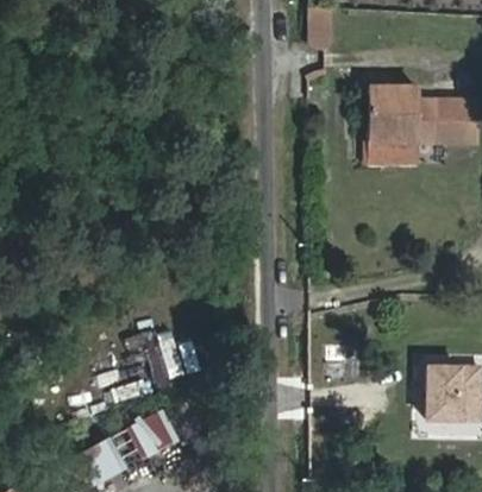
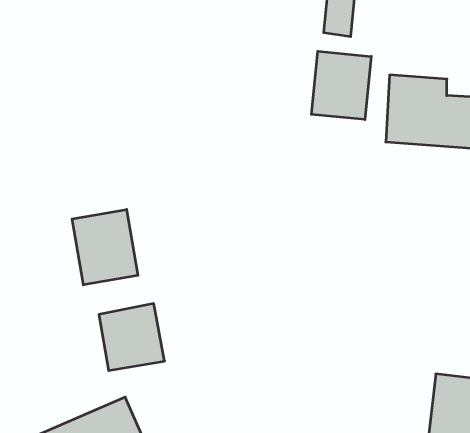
building: none -> [311,51,371,120]
building: none -> [72,209,138,285]

